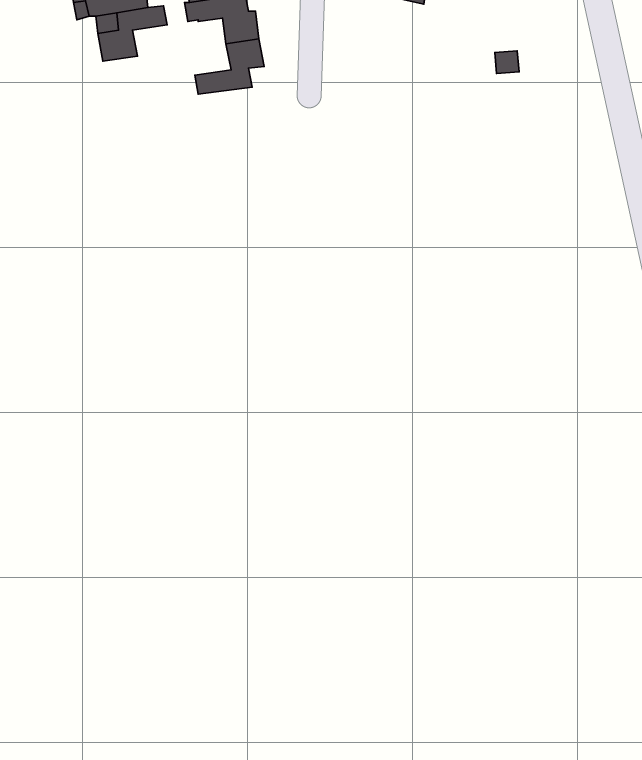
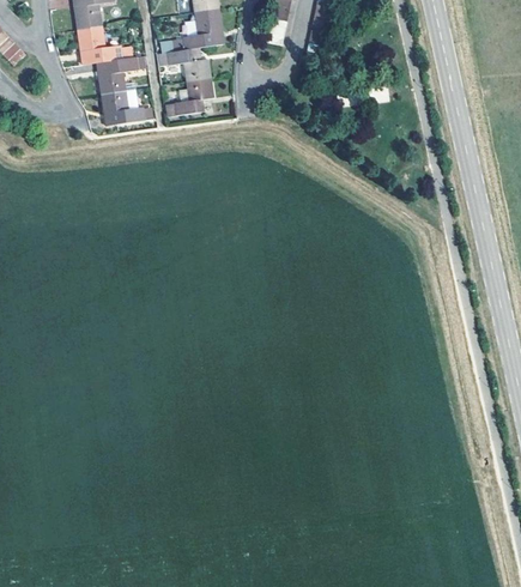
building: none -> [102,90,153,125]

